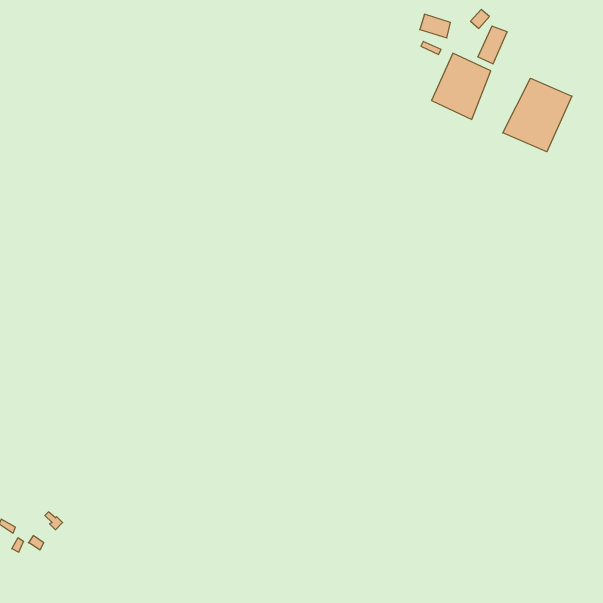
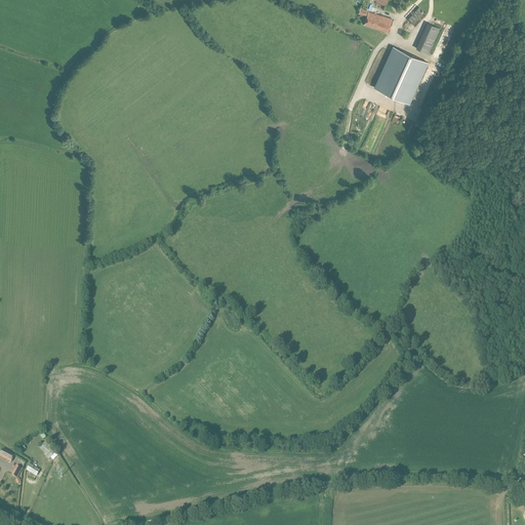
building: [503,78,572,152] -> none

